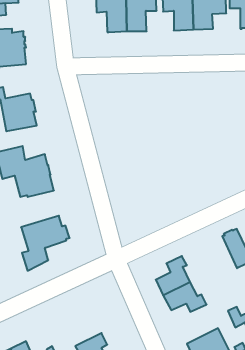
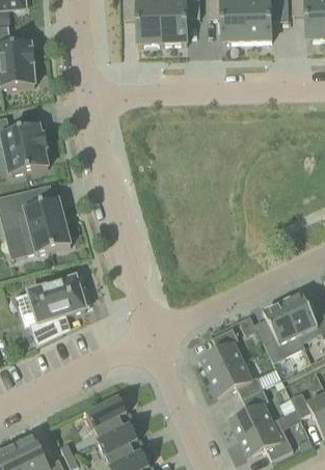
building: none -> [263,303,304,363]
building: none -> [228,389,277,439]
building: none -> [85,397,130,442]

